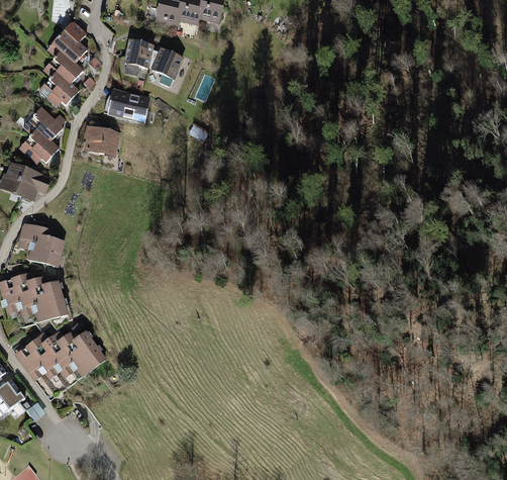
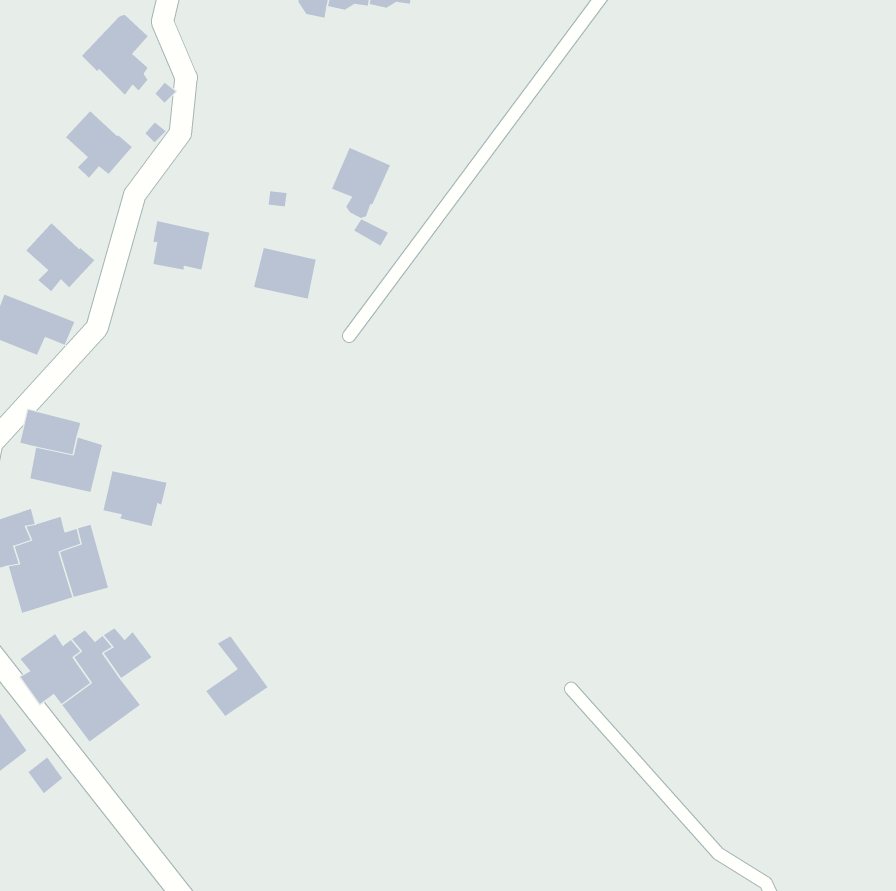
building: [126,39,153,73] -> none
building: [153,47,183,84] -> [331,147,391,219]
building: [48,50,84,83] -> none
building: [113,92,145,118] -> [253,248,317,299]
building: [29,107,67,140] -> none
building: none -> [103,471,167,527]
building: [73,331,105,373] -> [205,636,269,717]

